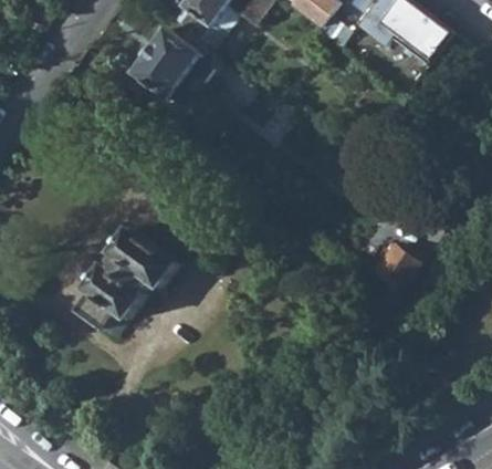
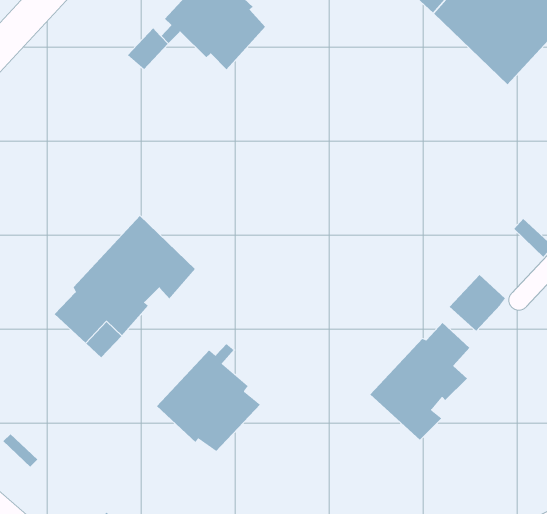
building: none -> [369,322,470,440]
building: none -> [156,343,261,452]

